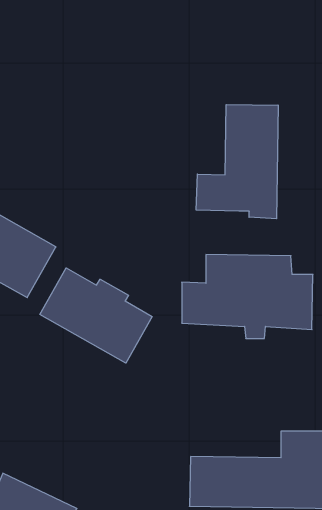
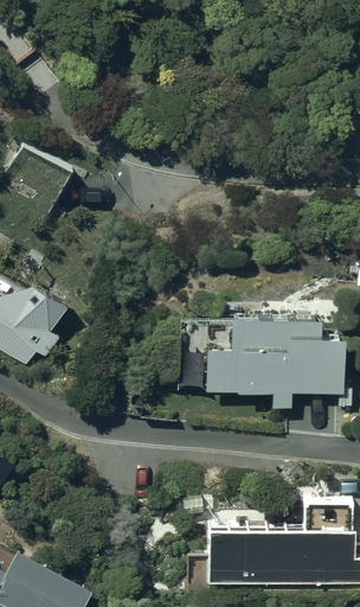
building: [196,105,278,219] -> none
building: [40,268,152,363] -> none

